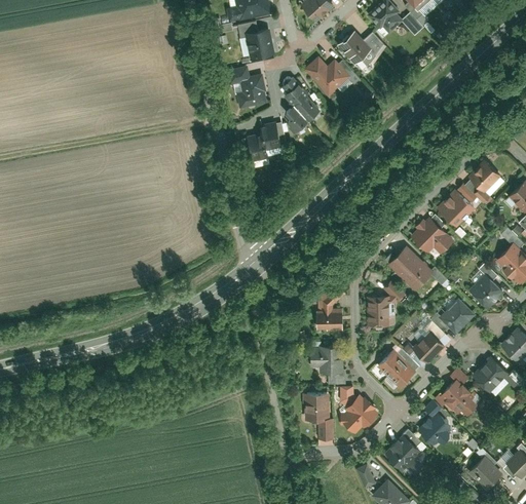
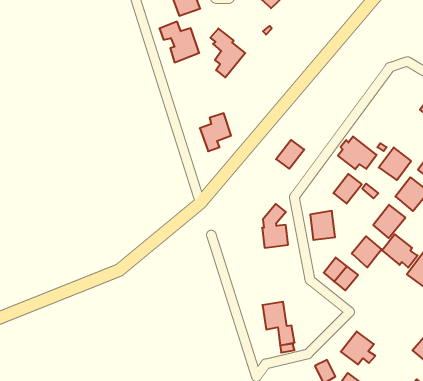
building: [303,57,350,99] -> none
building: [248,122,281,162] -> [200,113,231,151]
building: [469,162,501,194] -> none
building: [437,191,474,228] -> [379,147,411,180]
building: [385,246,418,278] -> [276,140,304,169]
building: [310,345,342,373] -> none
building: [438,371,477,410] -> [382,234,418,268]
building: [339,387,377,434] -> none
building: [418,410,454,445] -> none

